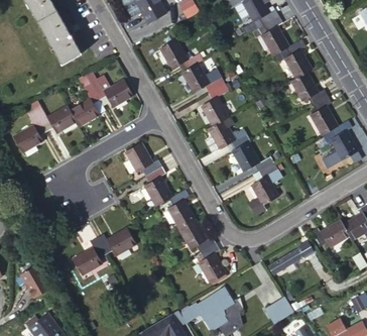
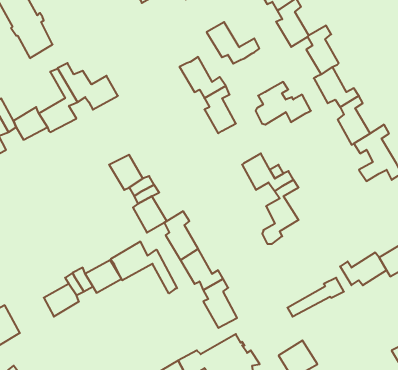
building: [160,39,203,73] -> [207,22,259,64]
building: [205,118,249,152] -> [256,82,311,125]
building: none -> [111,241,177,293]

